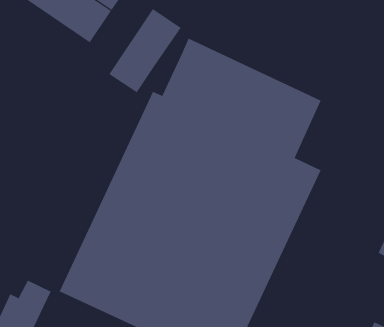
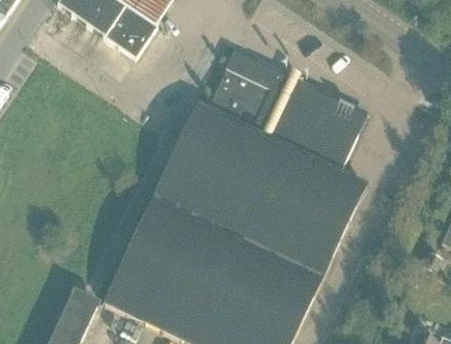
building: [108,8,182,93] -> none

